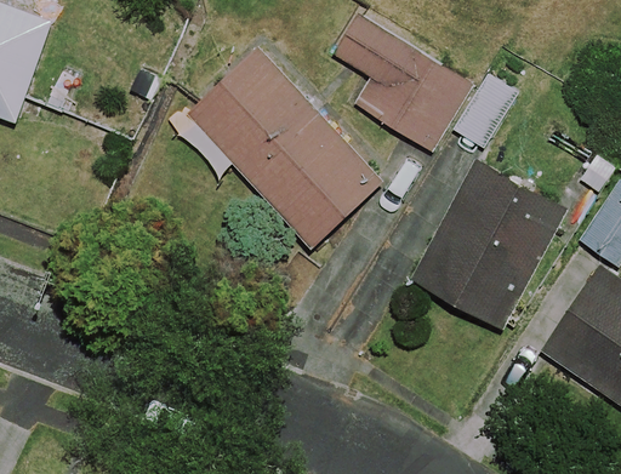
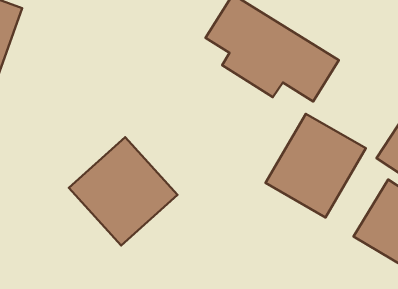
building: [188,44,381,241] -> none
building: none -> [69,137,178,246]

